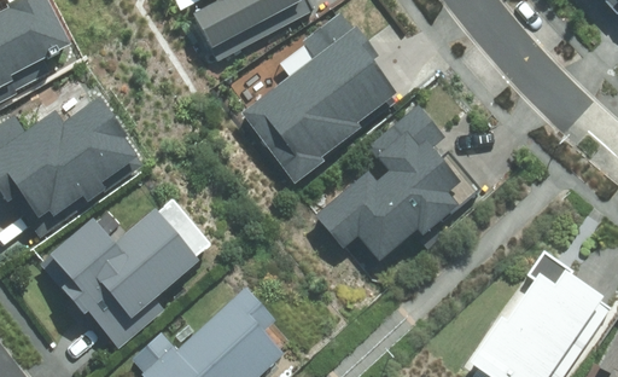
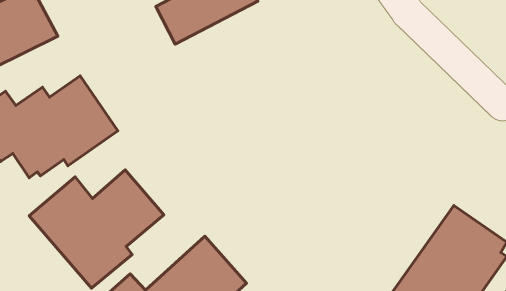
building: [240,12,404,184] -> none
building: [315,105,462,261] -> none

